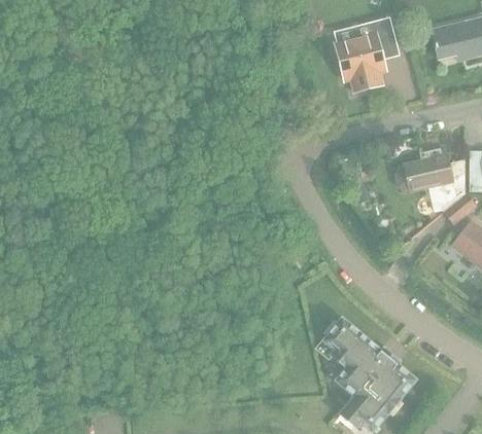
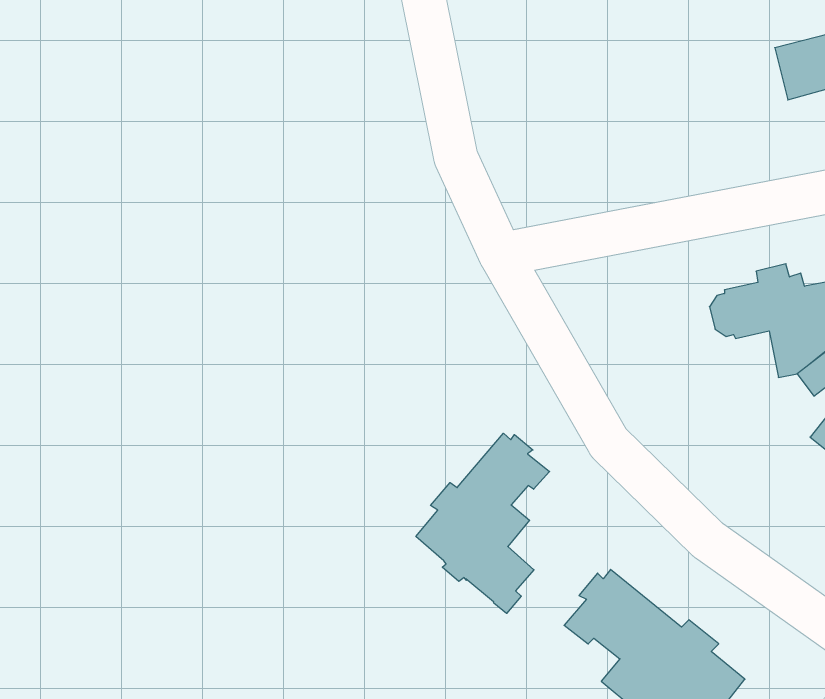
building: [335,17,399,92] -> none
building: none -> [416,433,550,613]

